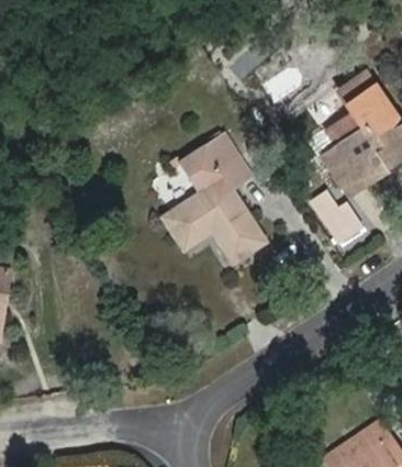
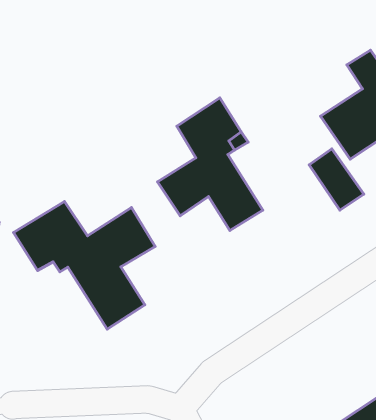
building: none -> [14,201,155,329]

